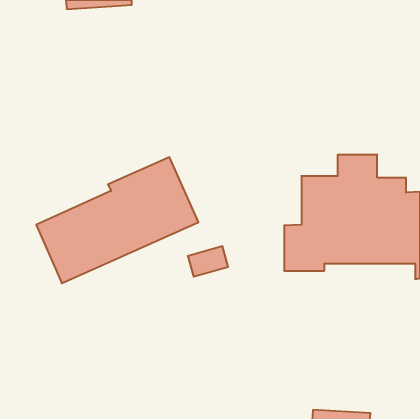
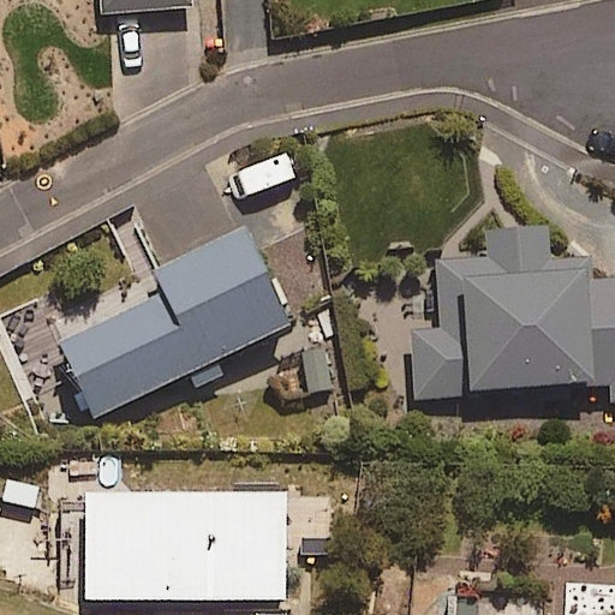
building: none -> [86,492,287,599]

